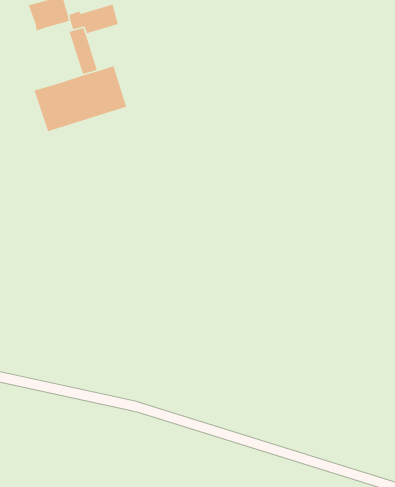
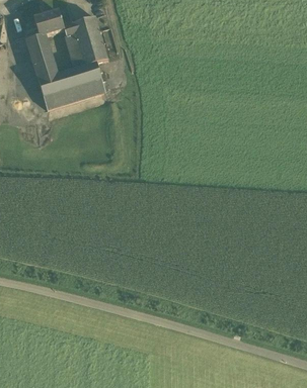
building: none -> [23,31,57,79]
building: none -> [75,31,106,65]

